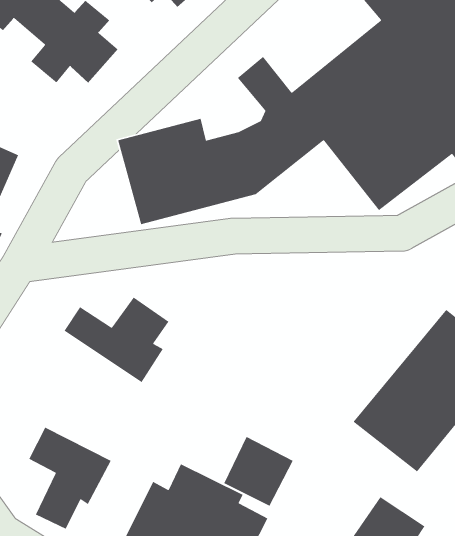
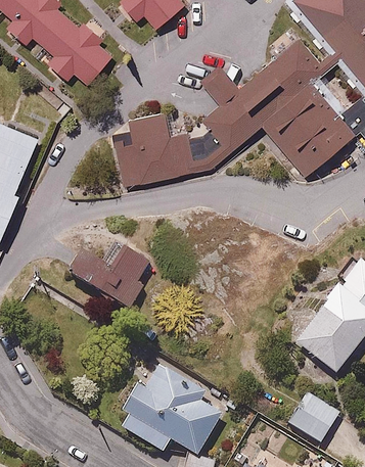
building: [28,427,112,530] -> none
building: [223,436,294,507] -> none

